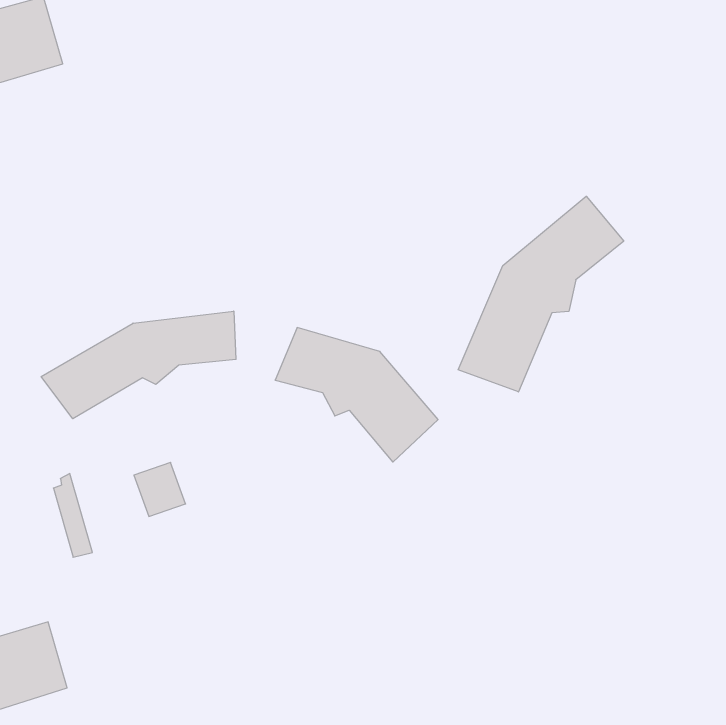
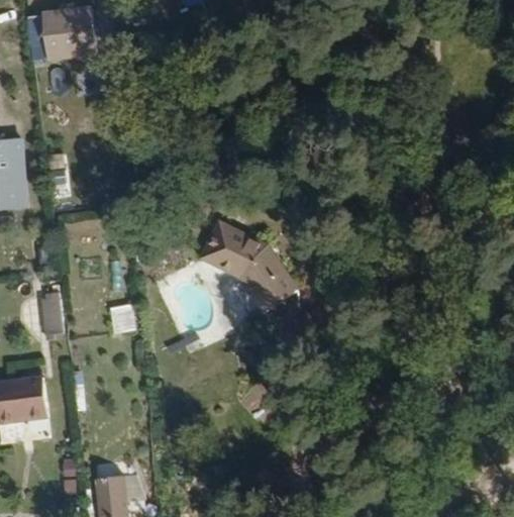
building: [458,196,624,392] -> none
building: [41,311,236,419] -> none

